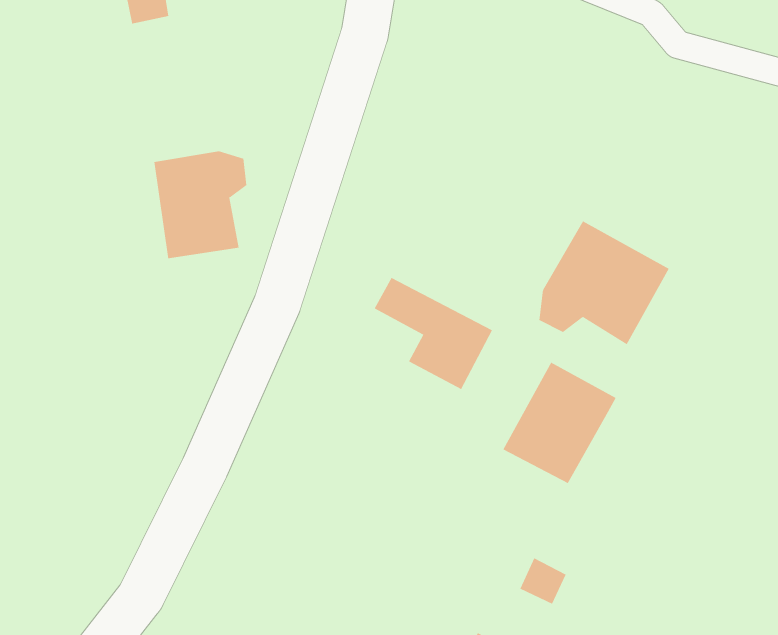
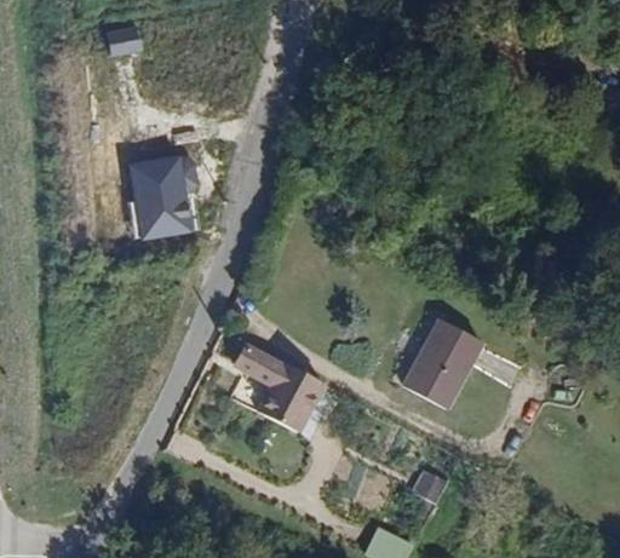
building: [539,221,670,345] -> none
building: [374,277,493,390] -> [234,344,326,431]

